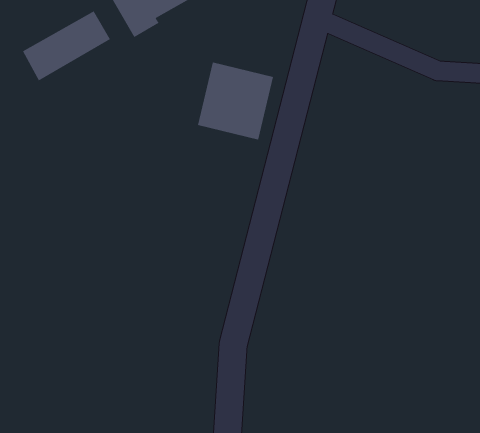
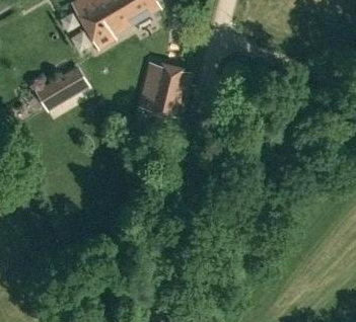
building: [22,10,111,81] -> [28,65,88,112]

